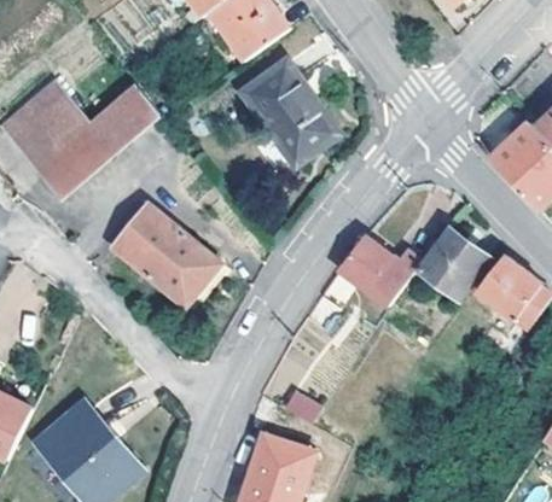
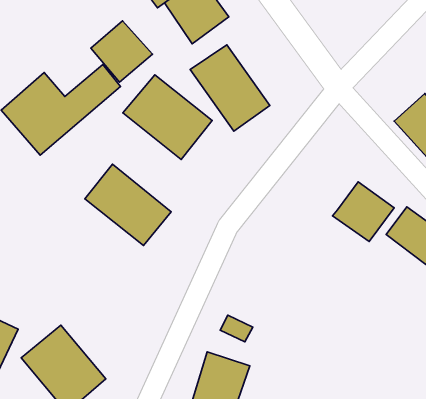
building: none -> [91,21,153,82]
building: none -> [123,75,212,160]
building: [337,233,420,305] -> none

